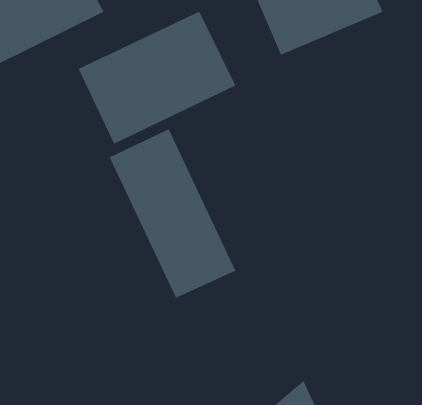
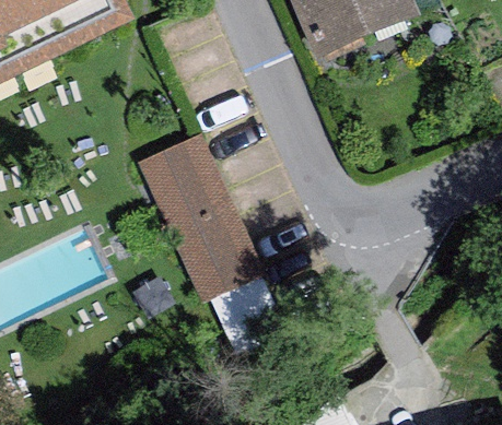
building: [78,11,236,145] -> none

